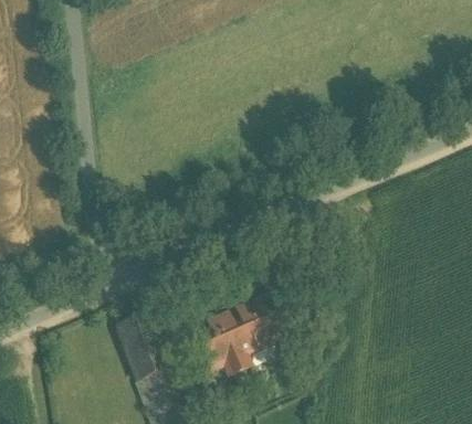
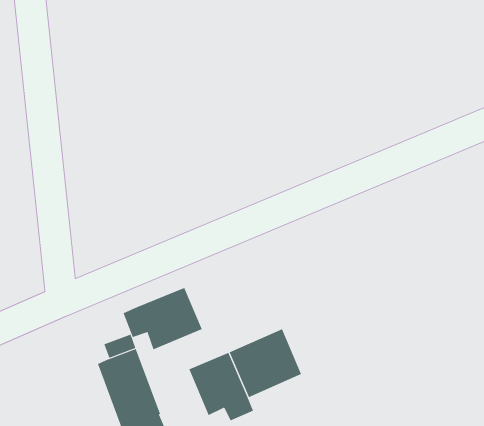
building: none -> [123,287,202,350]

